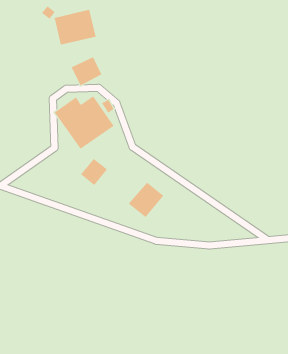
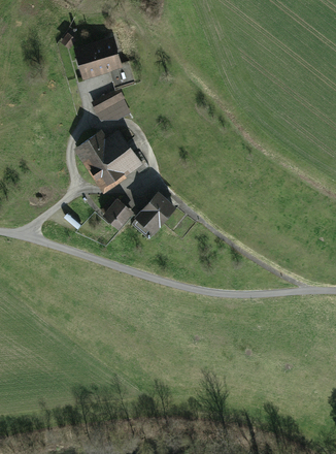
building: [128,182,164,218] -> [137,195,176,234]

